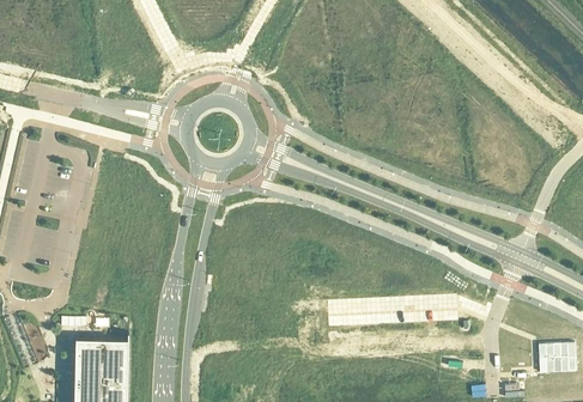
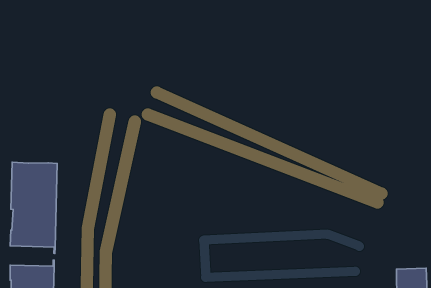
building: none -> [10,162,57,253]

